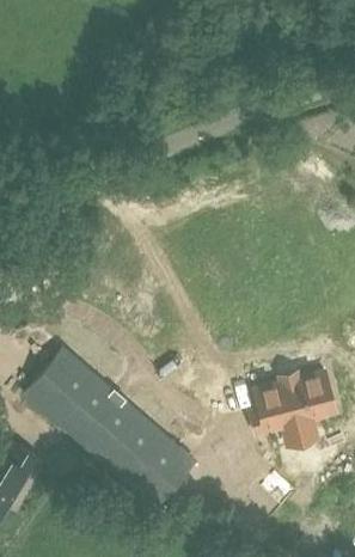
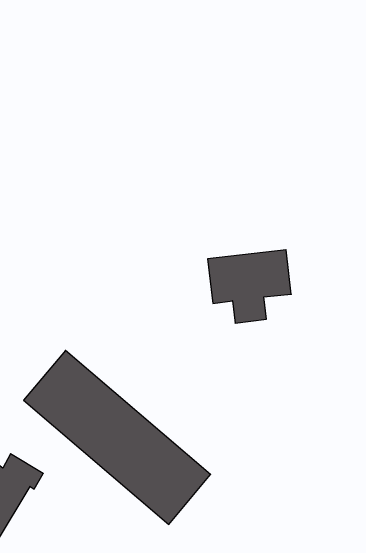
building: [253,369,330,436] -> [208,250,291,323]

